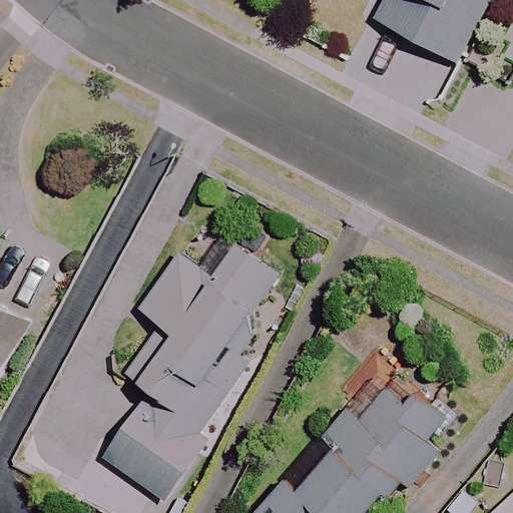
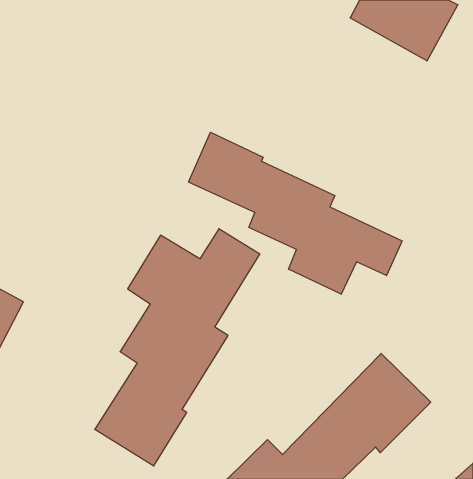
building: none -> [188,132,402,294]

